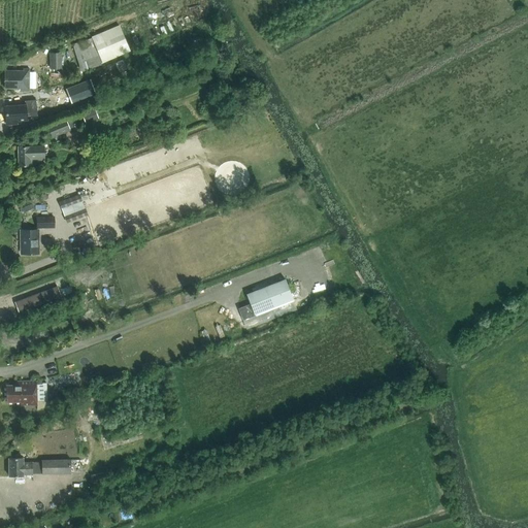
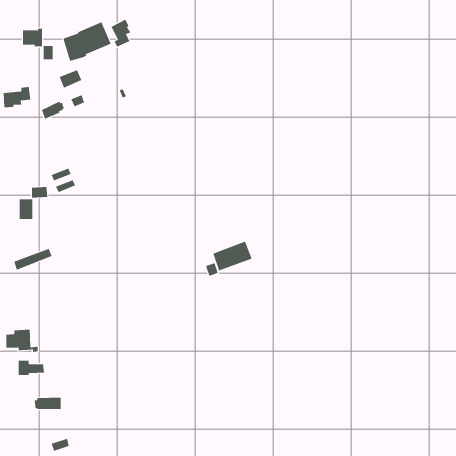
building: none -> [111,19,131,48]
building: [5,69,29,91] -> [22,28,43,47]
building: [18,145,44,166] -> none
building: [9,458,40,475] -> [18,360,45,375]

